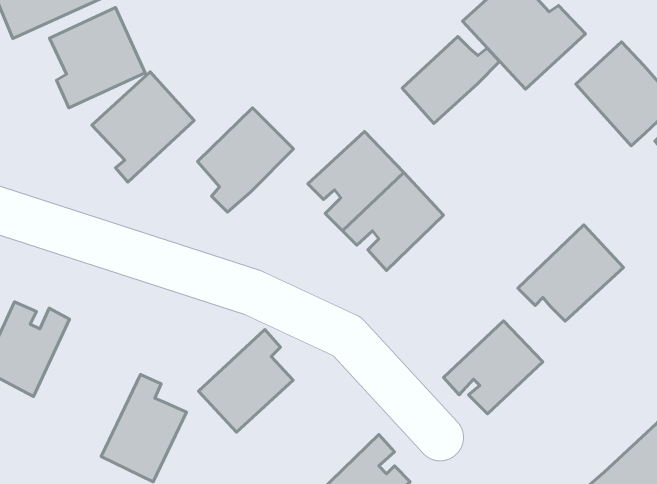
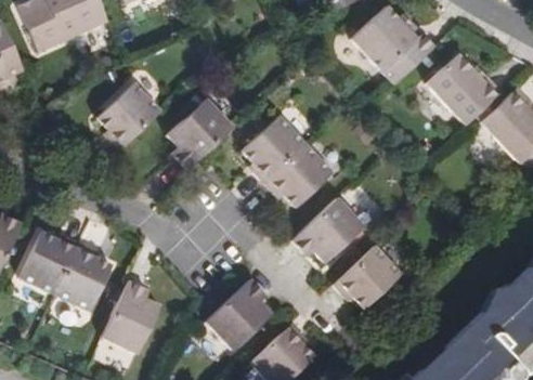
building: [50,8,145,108] -> none
building: [402,37,499,124] -> none
building: [518,225,623,321] -> [290,197,363,263]
building: none -> [52,245,112,315]
building: [199,330,293,432] -> [204,279,269,350]

